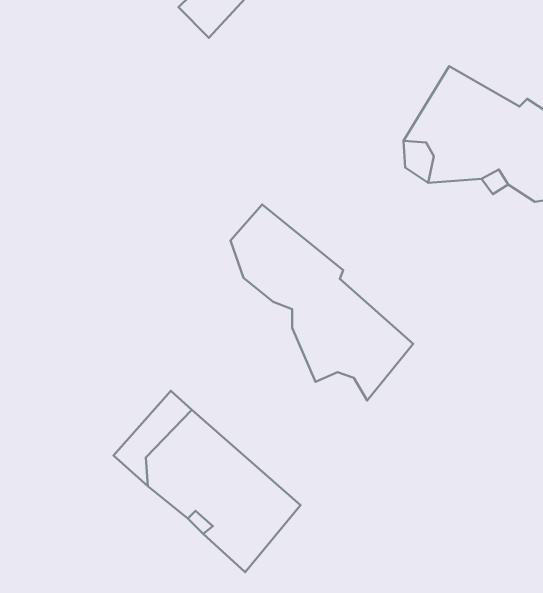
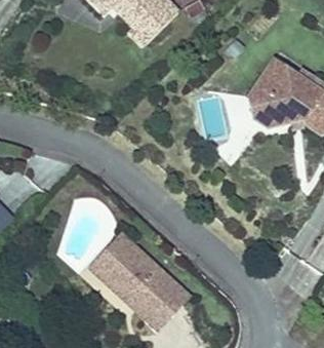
building: [231,205,413,401] -> none

